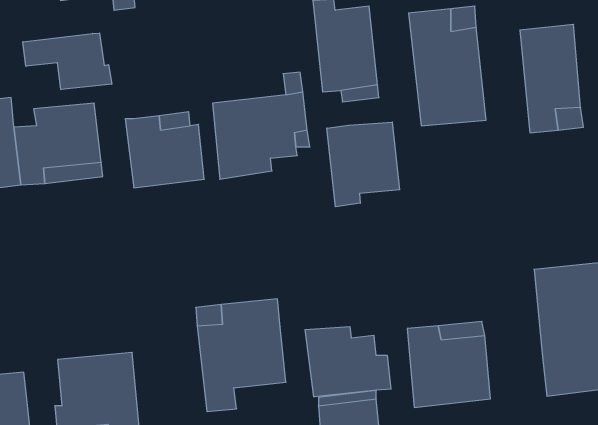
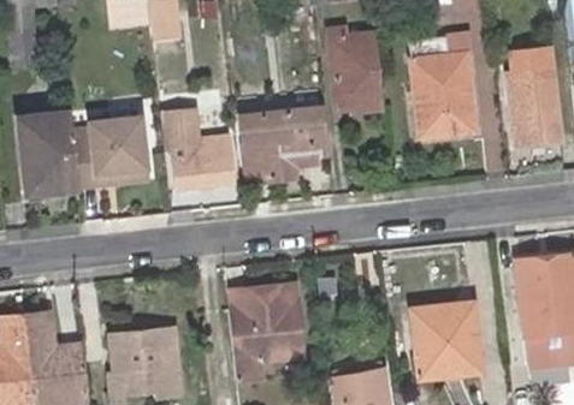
building: [23,33,112,90] -> none
building: [327,122,400,207] -> none
building: [305,327,391,397] -> none

